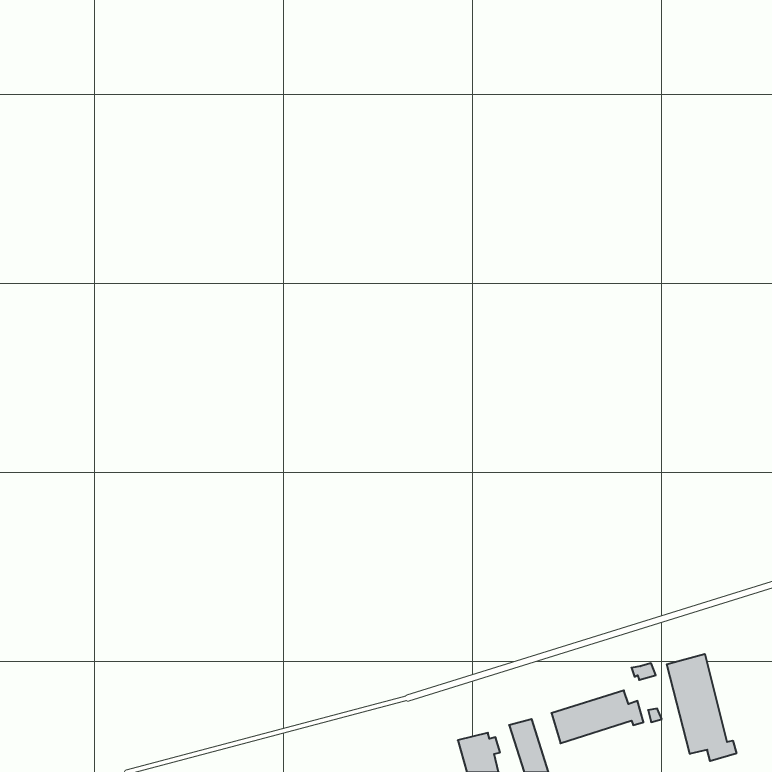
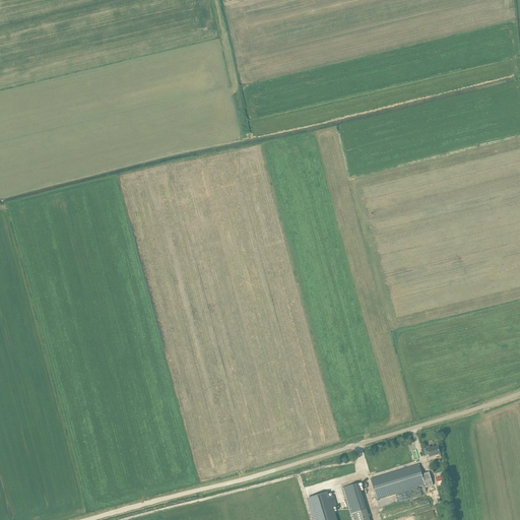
building: [667,654,736,761] -> none

